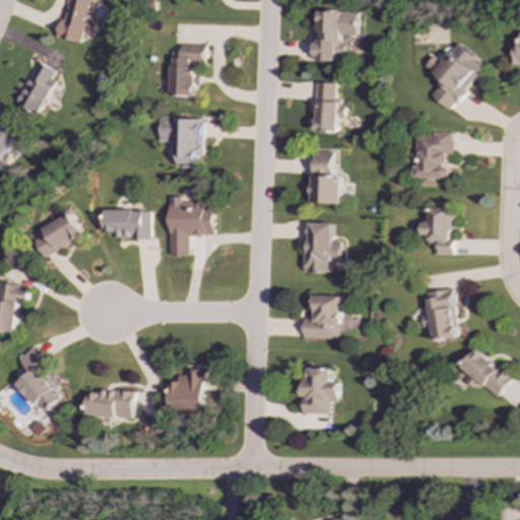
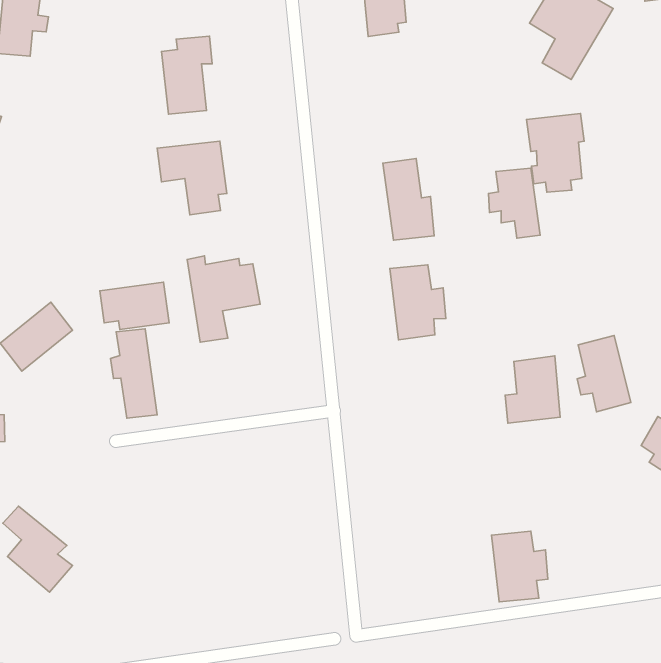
building: [311,81,343,131] -> none
building: [418,206,451,254] -> [488,168,540,238]
building: none -> [111,329,157,418]
building: [302,295,340,337] -> [505,356,560,423]
building: [301,366,337,413] -> [492,531,548,602]
building: [166,368,201,415] -> none
building: [83,389,132,417] -> none

